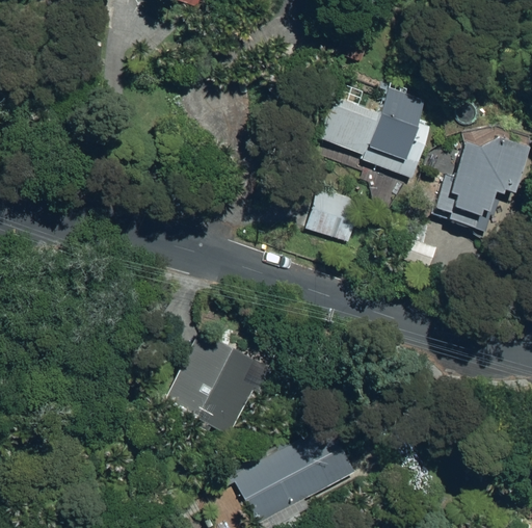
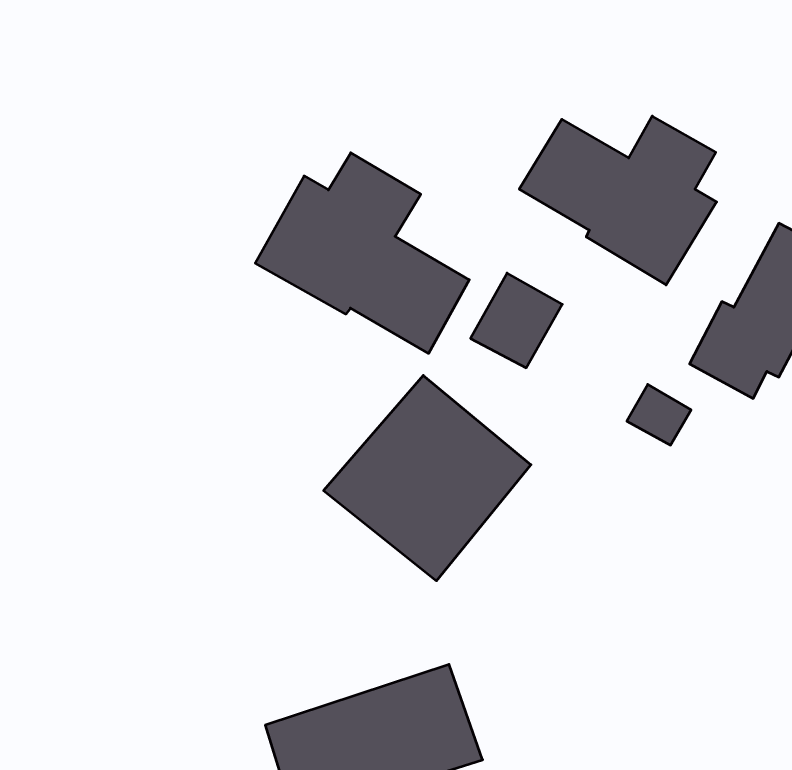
building: none -> [255,153,469,353]
building: [156,321,271,437] -> [324,375,531,581]

